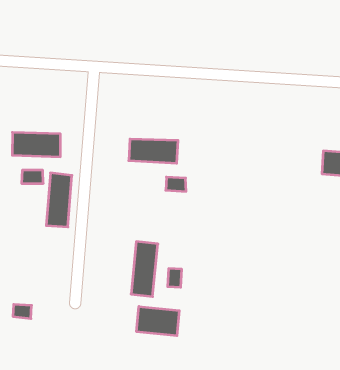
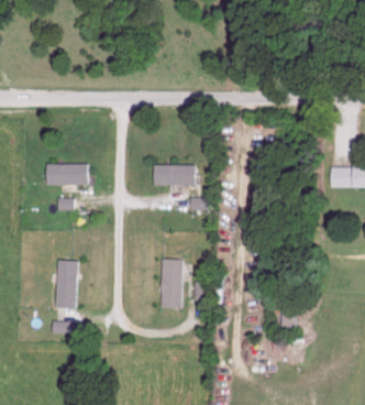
building: [46,173,72,227] -> [57,261,78,309]
building: [137,306,179,336] -> none

